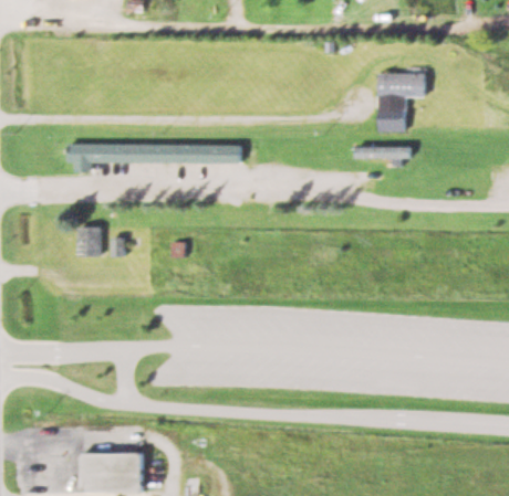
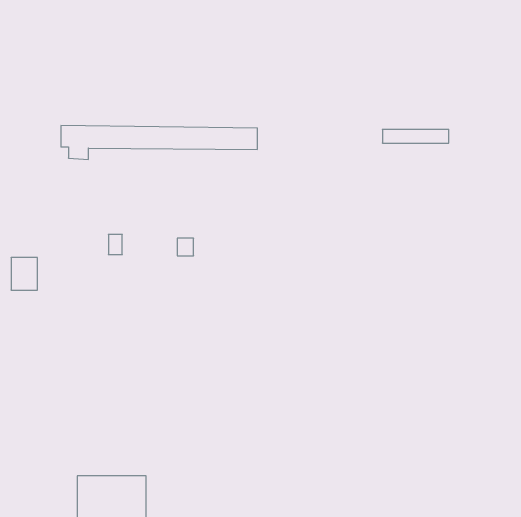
building: [378,73,427,131] -> none
building: [76,228,100,256] -> [11,258,37,290]

